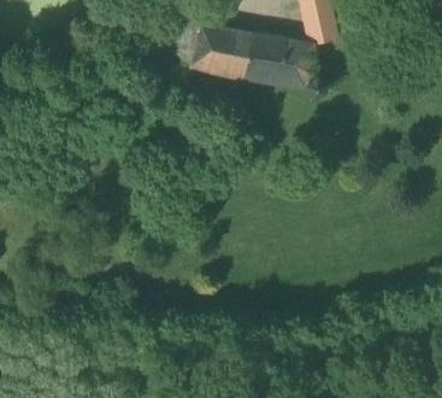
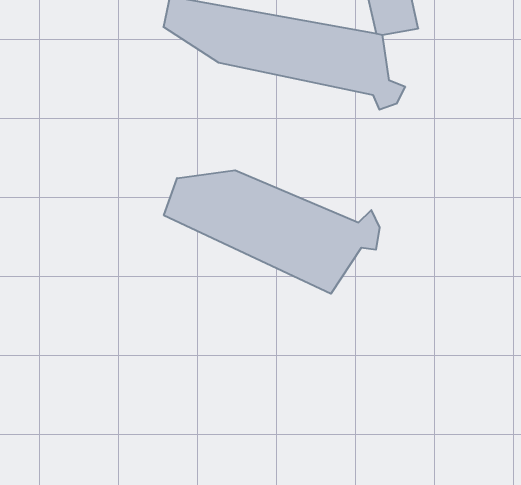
building: none -> [164,170,380,294]

